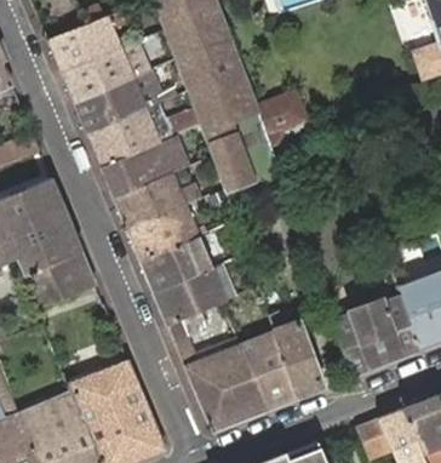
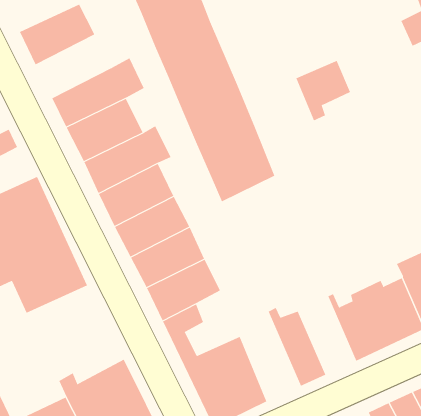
building: [62,46,134,104] -> none
building: [254,88,307,145] -> [295,60,351,121]
building: [241,332,296,408] -> none

